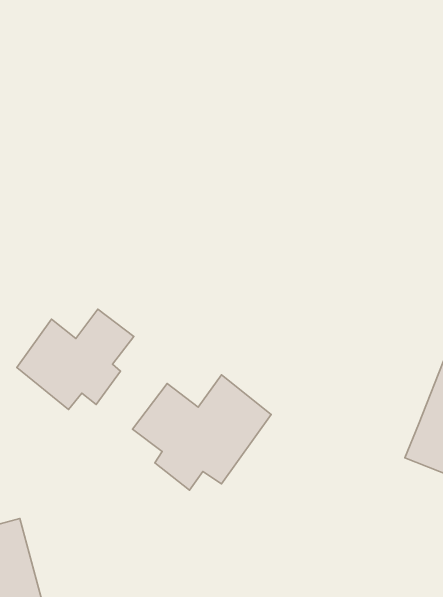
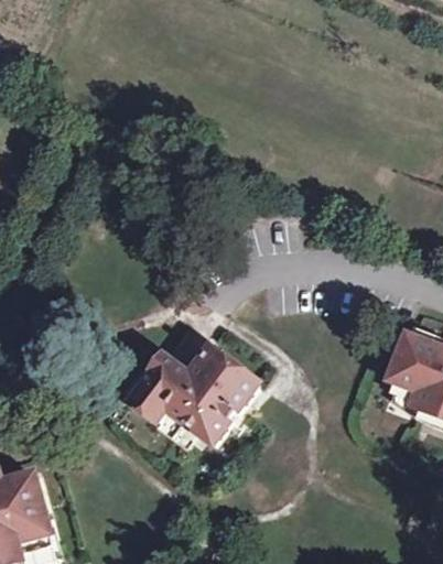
building: [17,309,134,409] -> none

